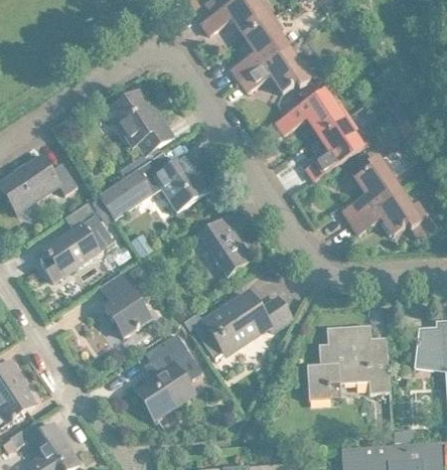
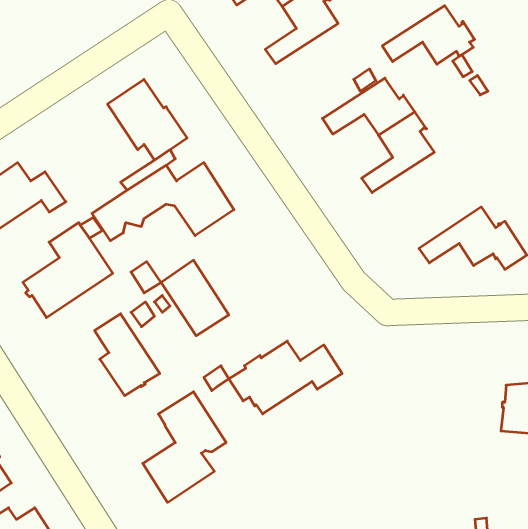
building: [241,48,312,94] -> [382,6,475,64]
building: [343,152,400,222] -> none
building: [200,217,253,276] -> [161,260,229,336]
building: [307,326,391,398] -> none

